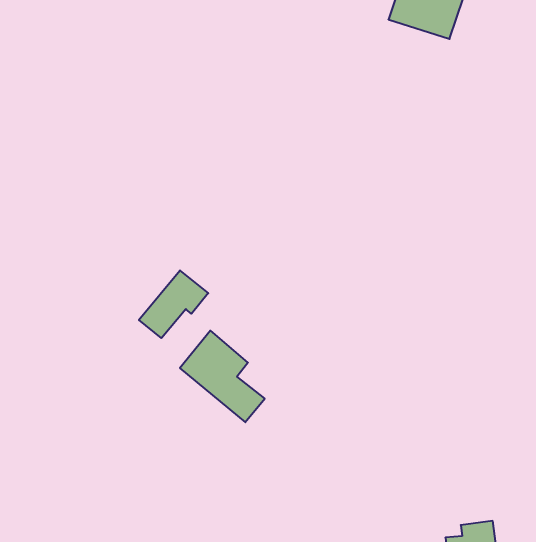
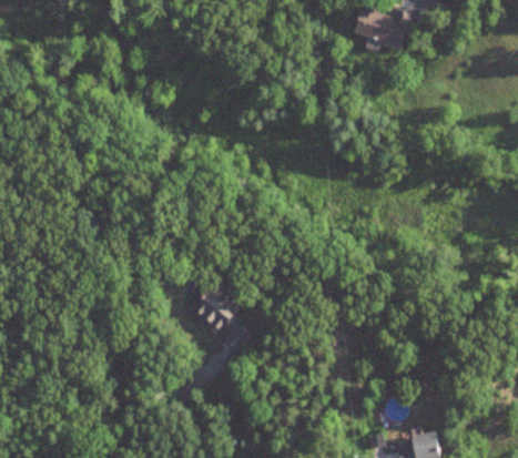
building: [139,270,208,338] -> none

